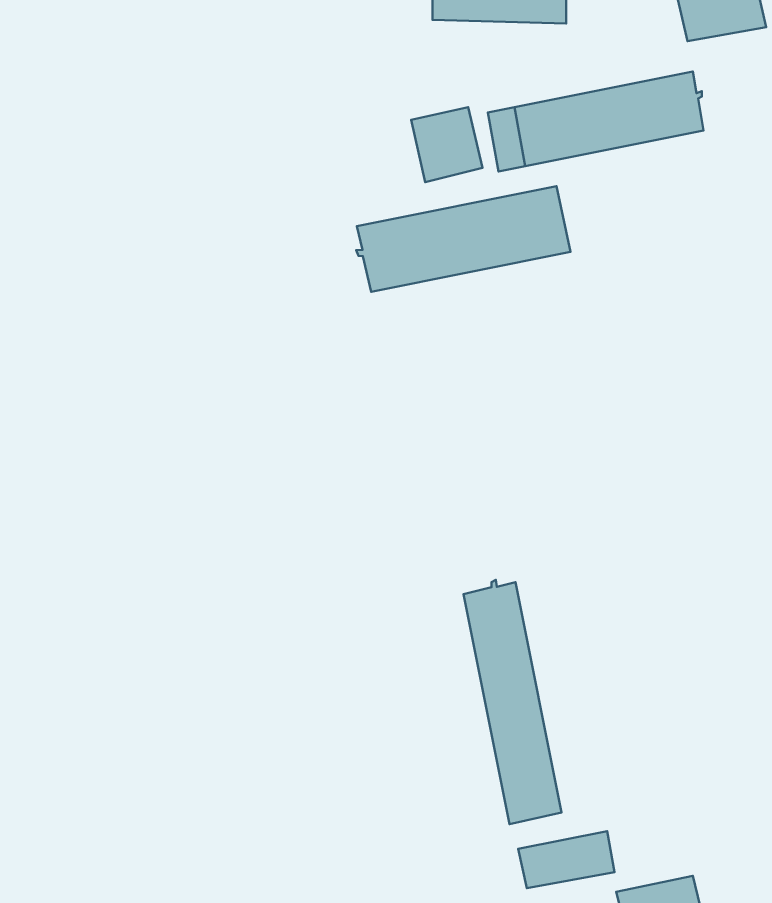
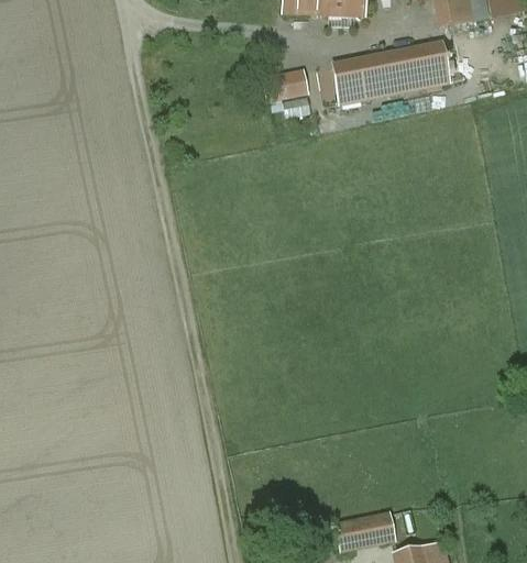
building: [356,186,571,292] -> none
building: [463,580,562,824] -> none

